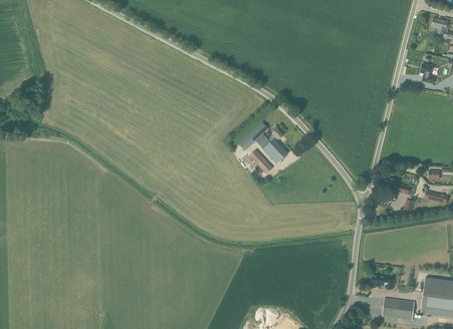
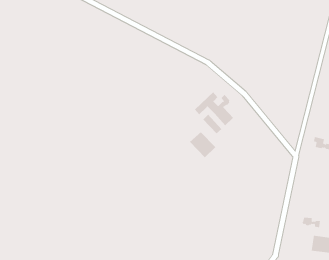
building: none -> [189,131,216,158]

